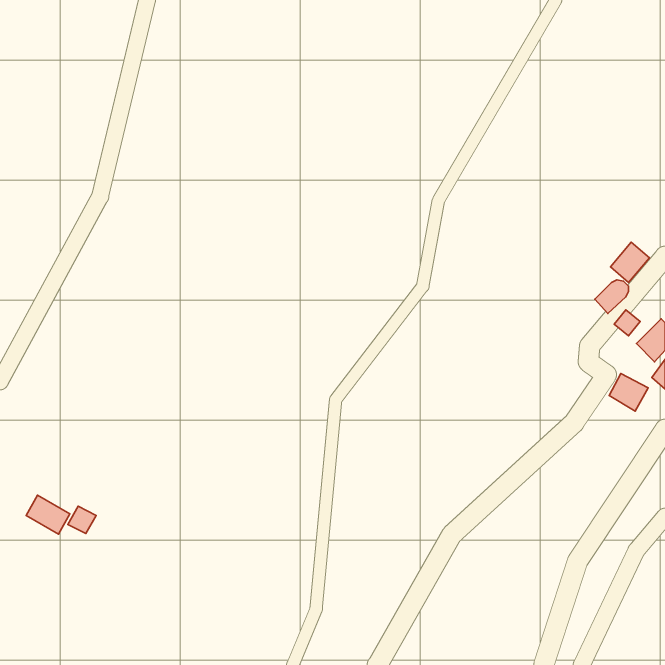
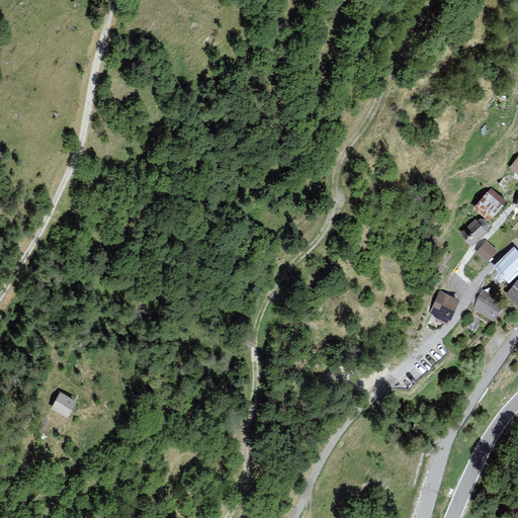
building: none -> [429,290,458,324]
building: [26,495,70,534] -> none

